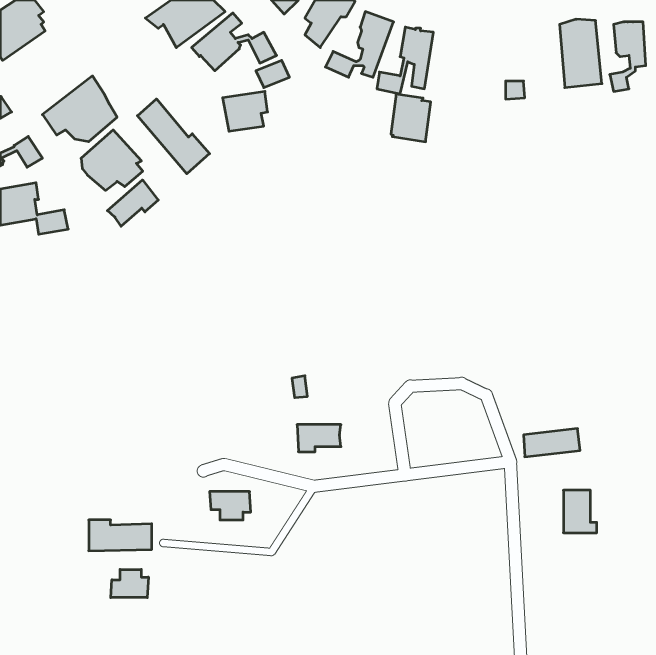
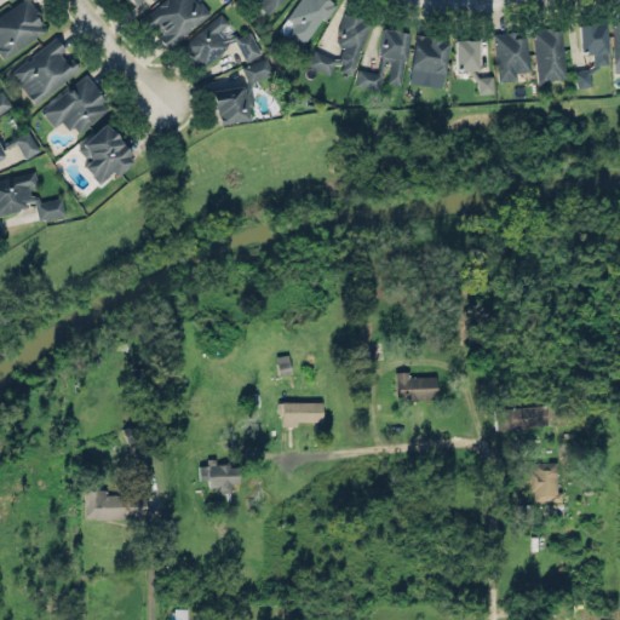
building: none -> [494,34,529,84]
building: none -> [10,35,82,107]
building: none -> [454,41,477,73]
building: [391,94,431,142] -> [411,35,448,80]
building: [137,99,210,174] -> none
building: [107,180,158,226] -> none
building: none -> [396,373,437,402]
building: [111,569,148,598] -> none

